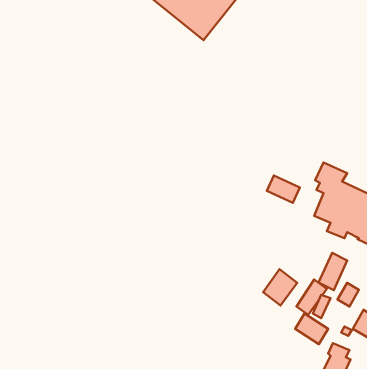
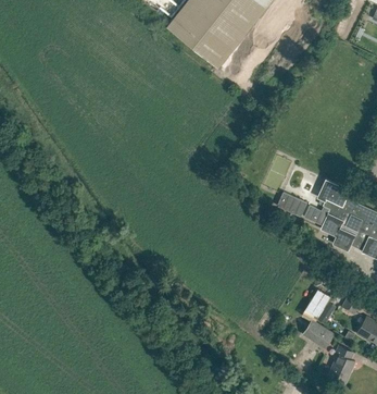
building: [318,253,347,290] -> none
building: [263,269,297,306] -> none

